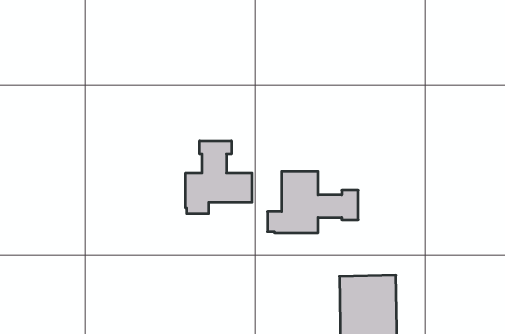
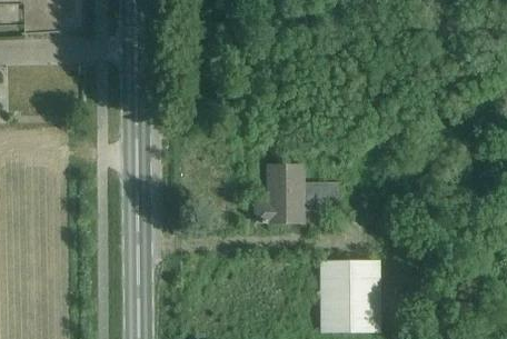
building: [186,141,252,214] -> none

